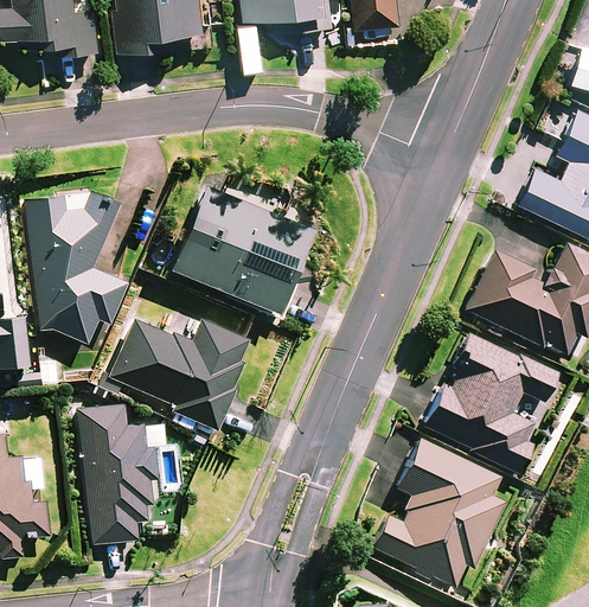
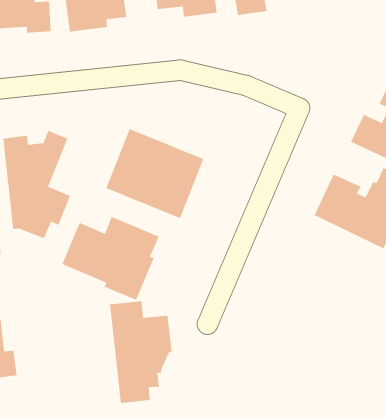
building: [423,332,555,473] -> none
building: [79,401,168,545] -> [109,301,172,404]
building: [371,439,502,586] -> none

